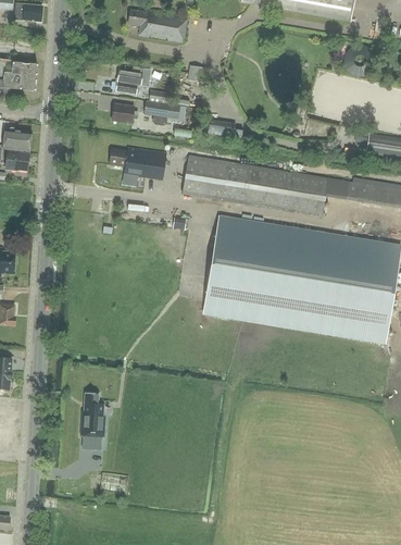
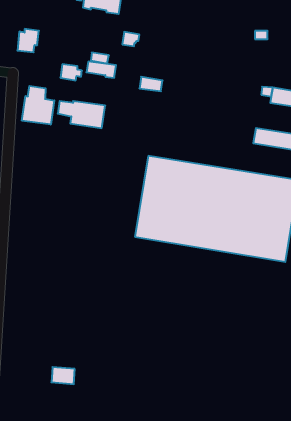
building: [116,64,142,92] -> [17,29,39,52]
building: none -> [22,86,54,125]
building: [183,153,328,216] -> none
building: [80,392,105,436] -> none

